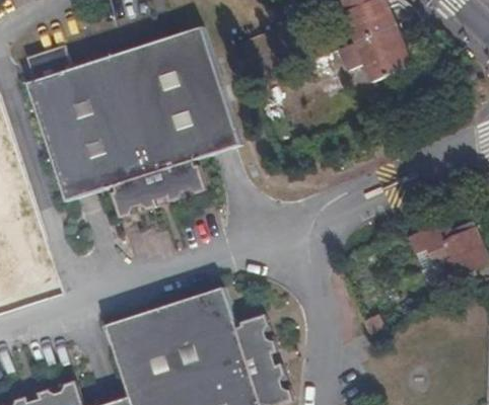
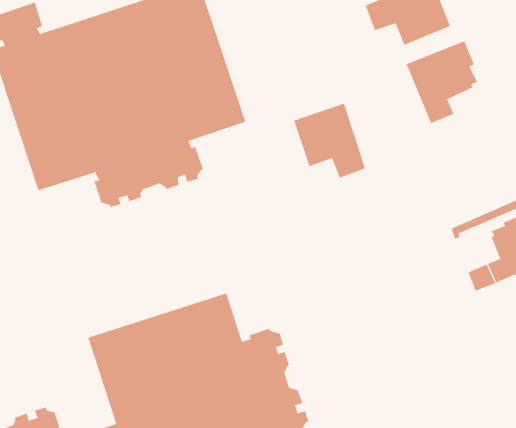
building: none -> [406,40,478,124]
building: none -> [294,103,366,178]

